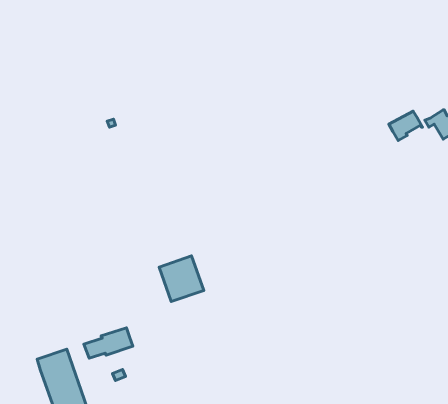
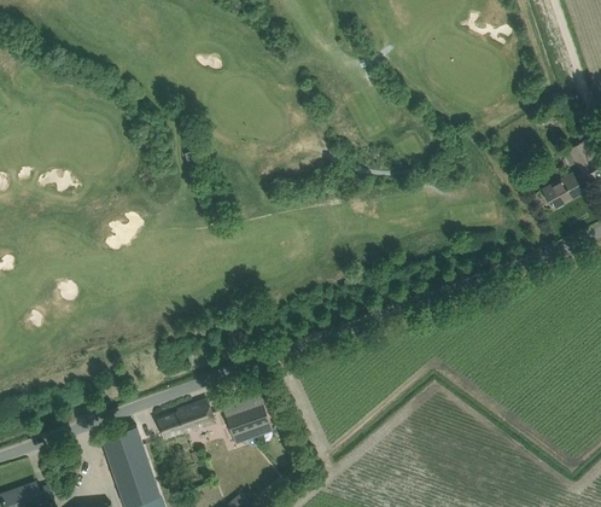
building: [389,111,422,140] -> [542,175,582,210]
building: [159,256,204,302] -> [220,391,273,445]

